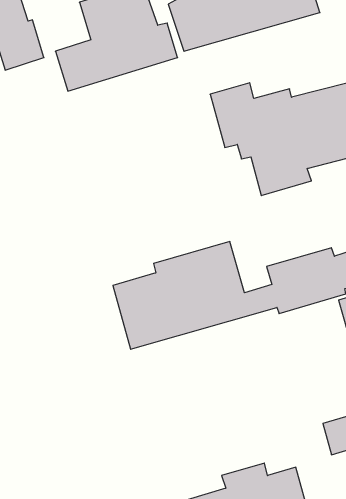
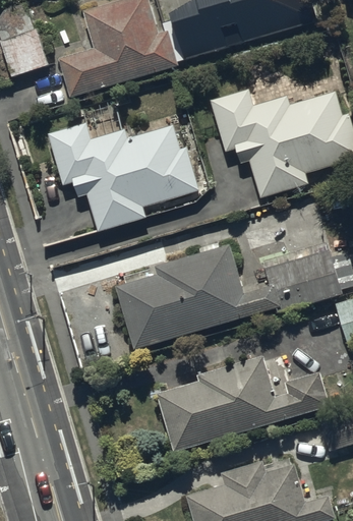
building: none -> [49,122,198,232]
building: none -> [158,355,331,452]

